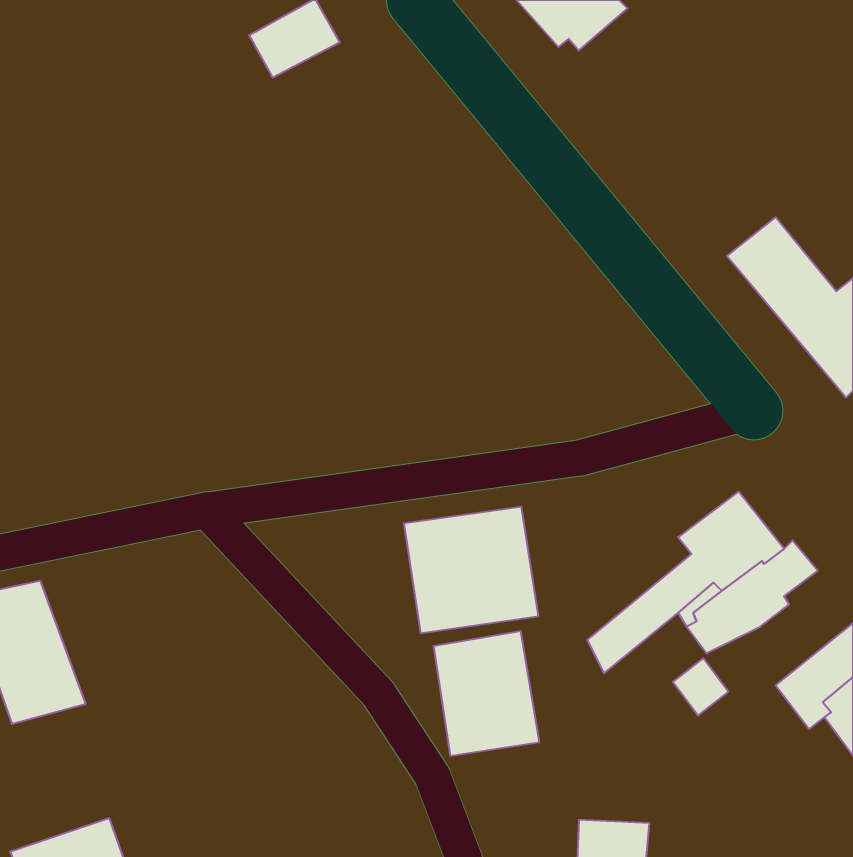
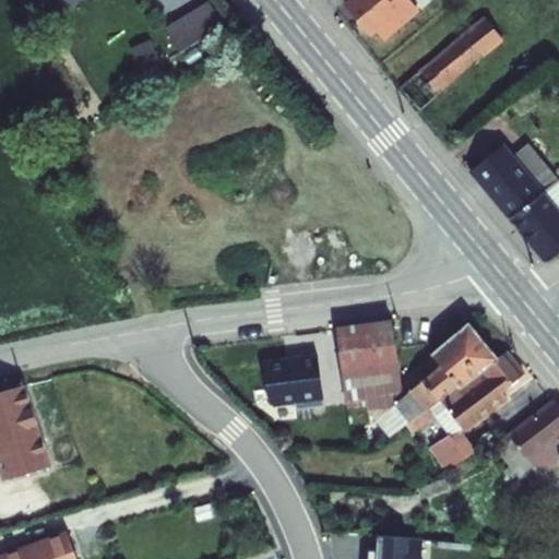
building: none -> [393,15,498,109]
building: [433,631,539,756] -> [338,321,407,402]

